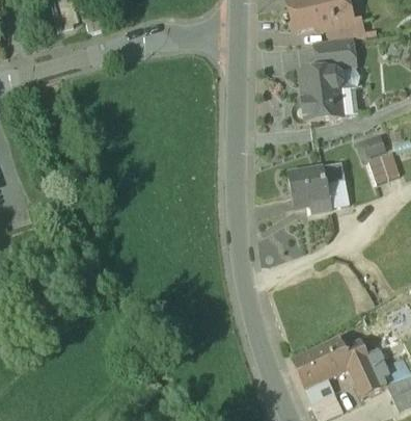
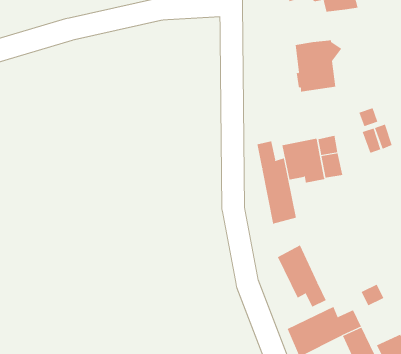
building: [314,35,355,68] -> none
building: none -> [257,141,297,224]
building: none -> [277,244,326,308]

